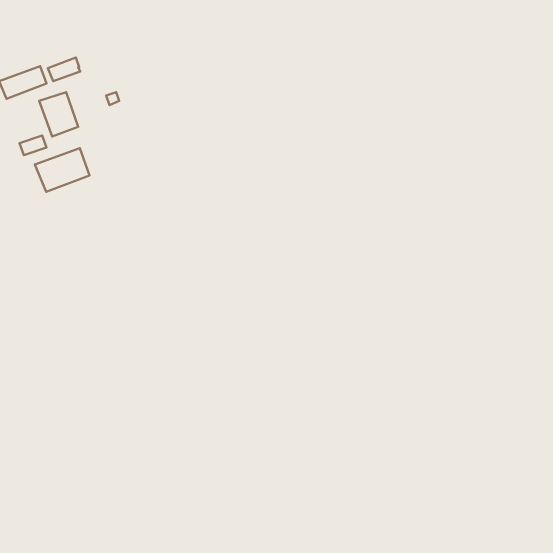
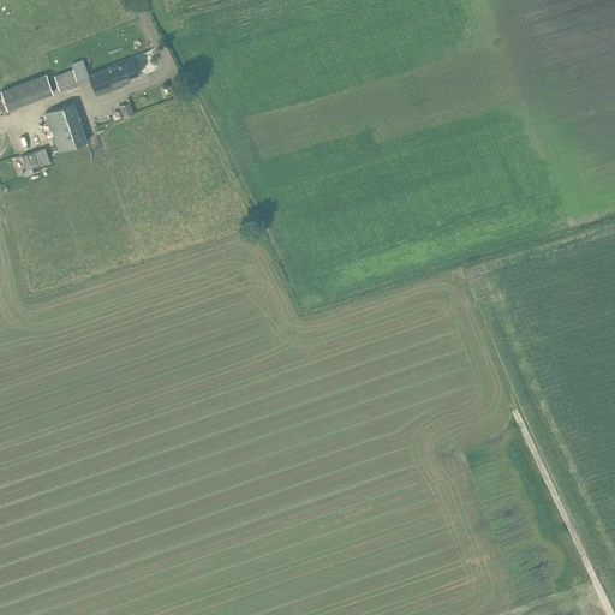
building: none -> [86,60,137,95]
building: [35,148,90,192] -> none

